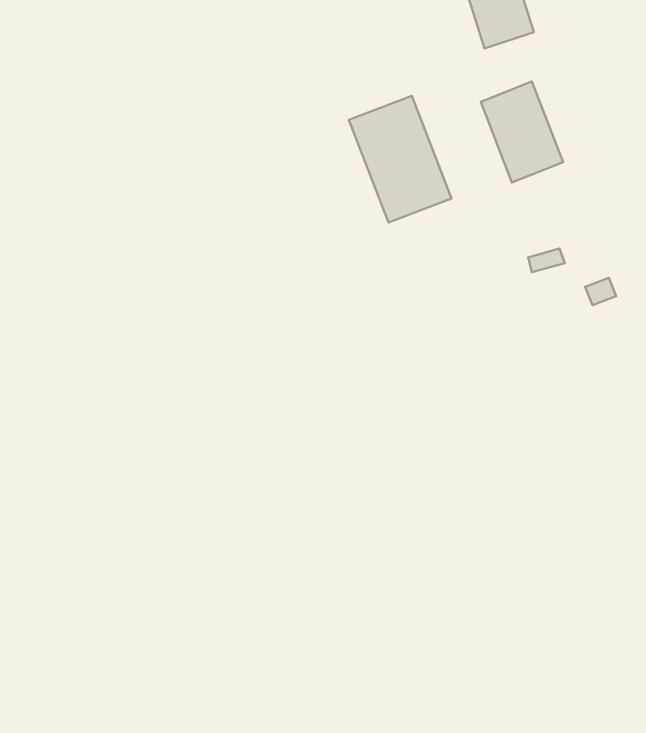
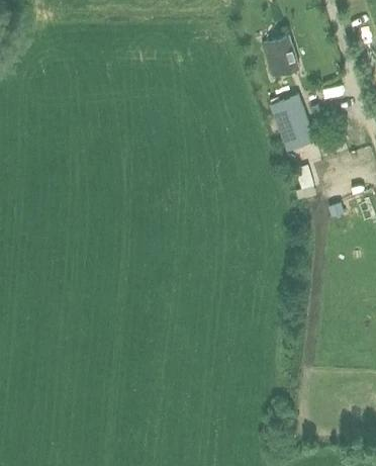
building: [349,96,452,222] -> none

